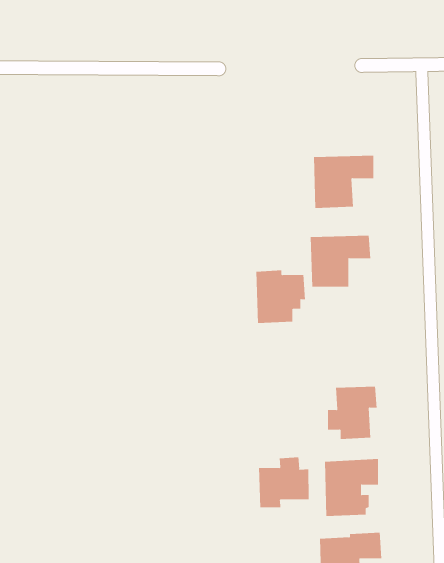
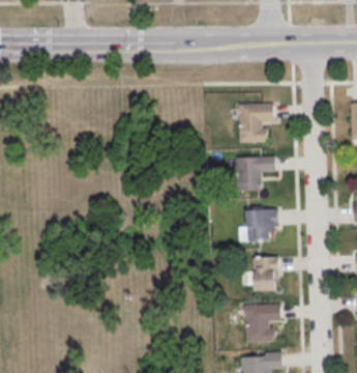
building: [256,270,306,323] -> [244,206,277,241]
building: [259,457,309,508] -> none

